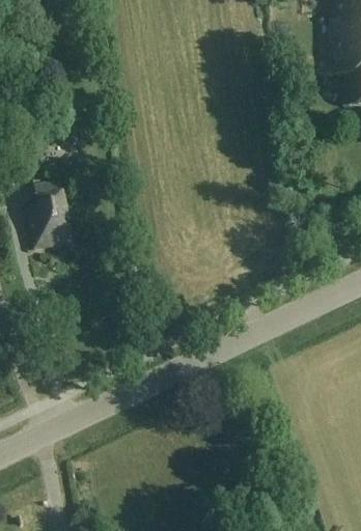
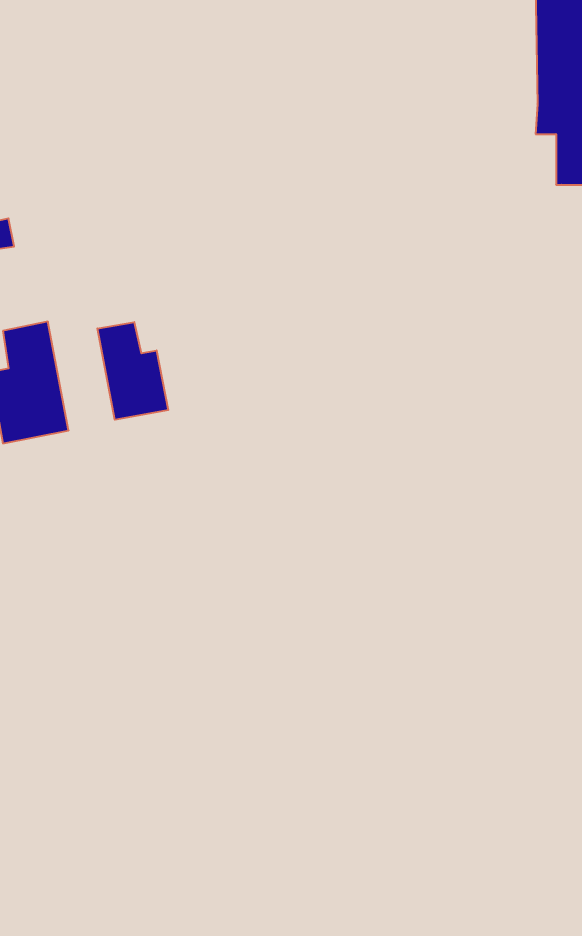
building: none -> [97,322,168,420]

